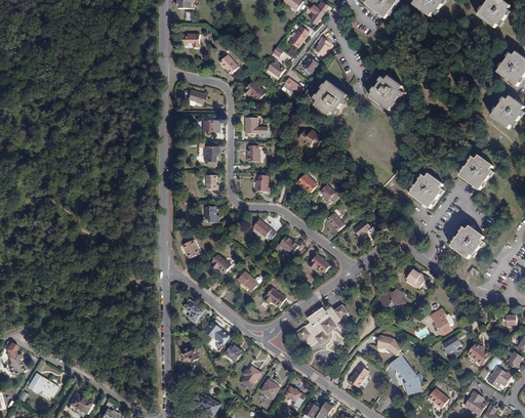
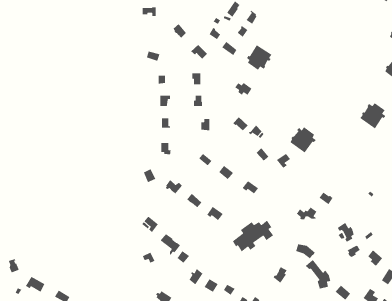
building: [370,75,405,109] -> none
building: [410,173,445,208] -> [290,126,317,154]
building: [450,225,485,258] -> none

